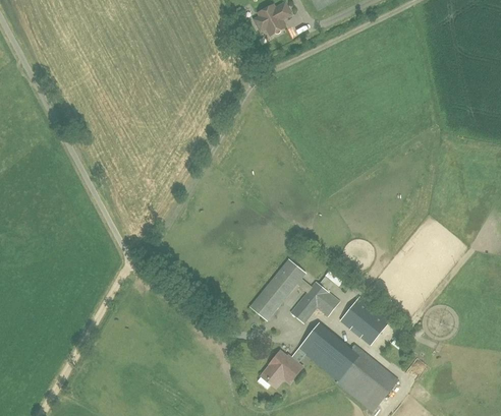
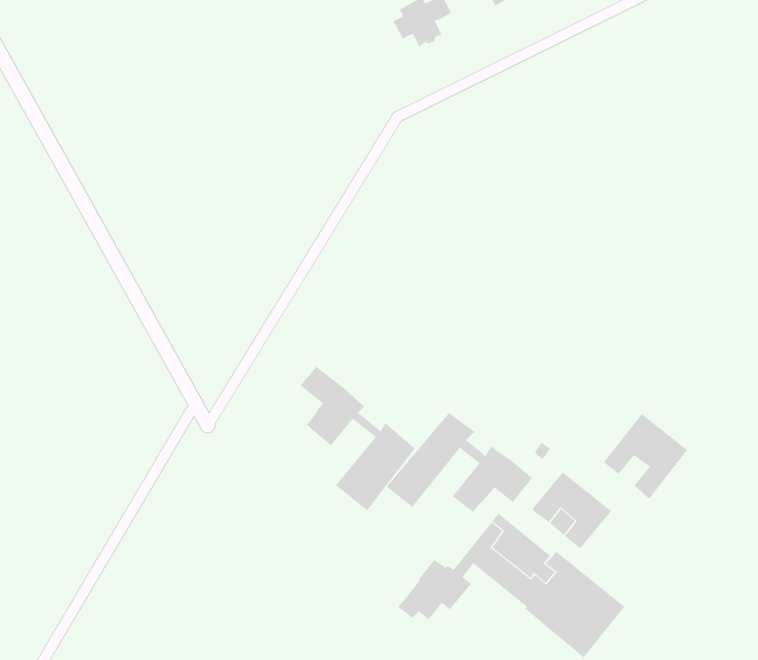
building: none -> [300,366,415,511]
building: none -> [603,413,688,499]

